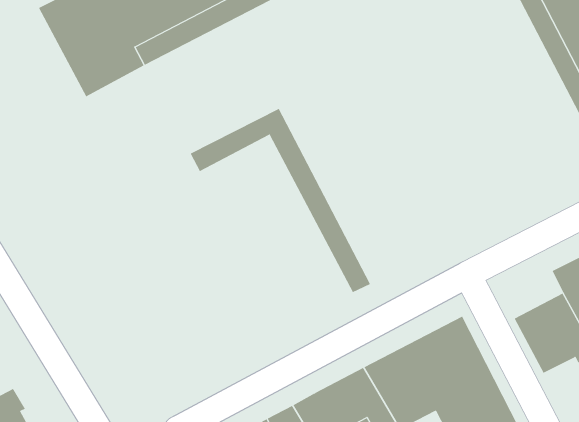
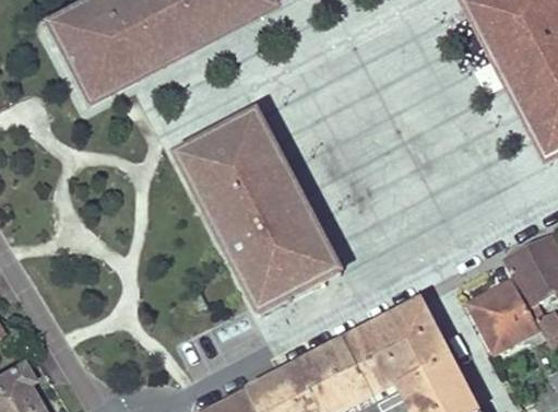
building: none -> [188,136,324,309]

